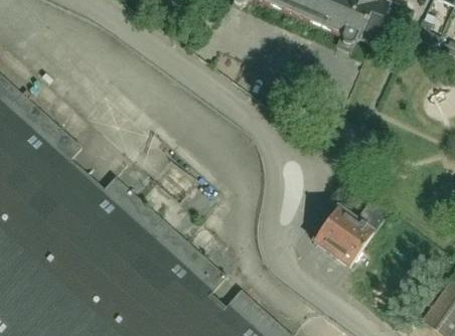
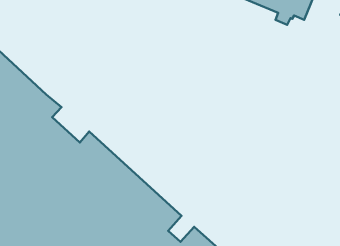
building: [312,196,388,265] -> none

